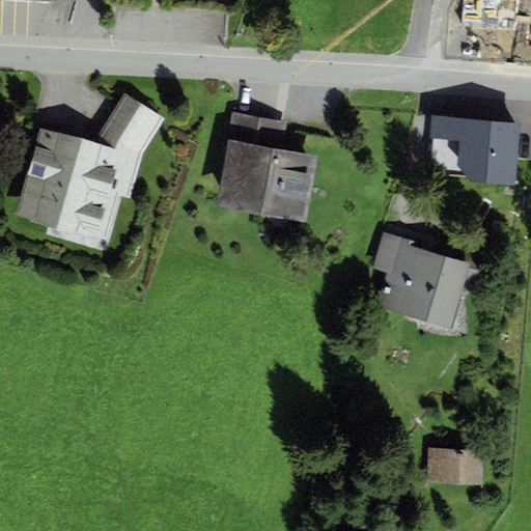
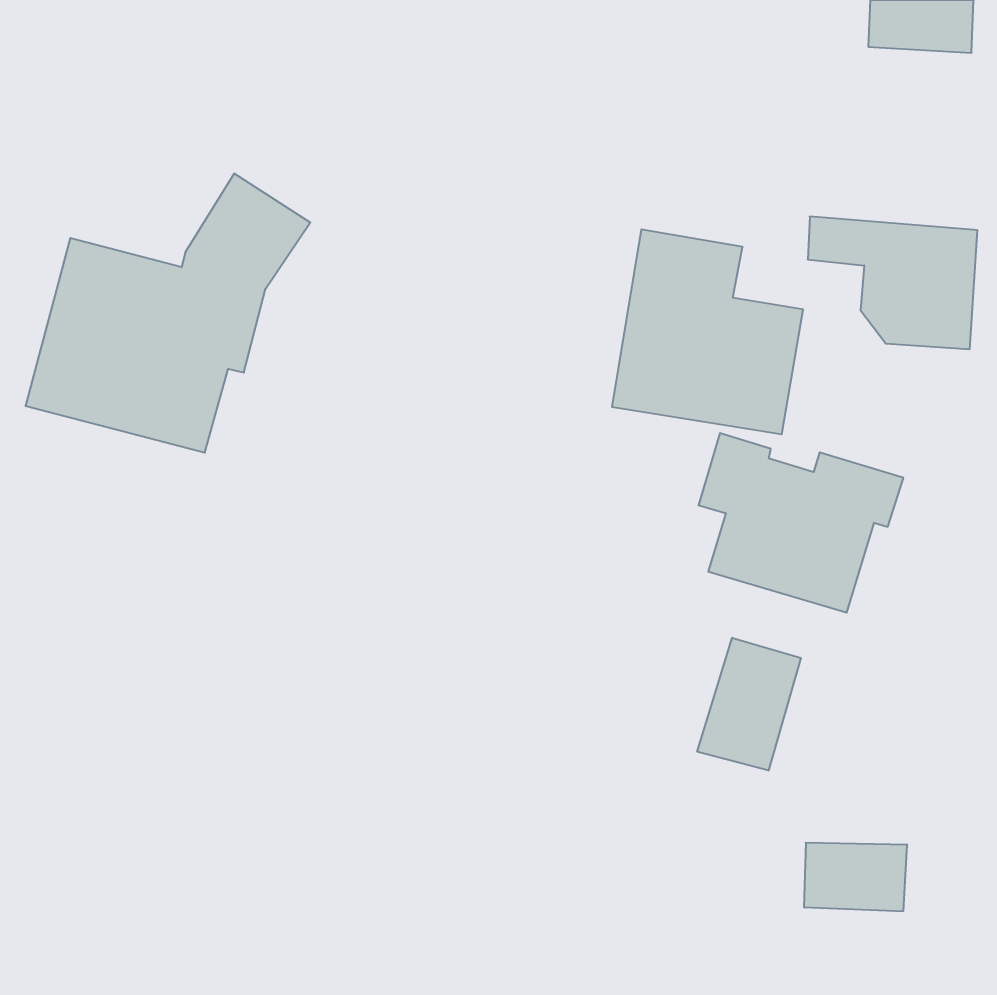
building: [216,114,317,223] -> [612,229,803,434]
building: none -> [697,638,801,771]

